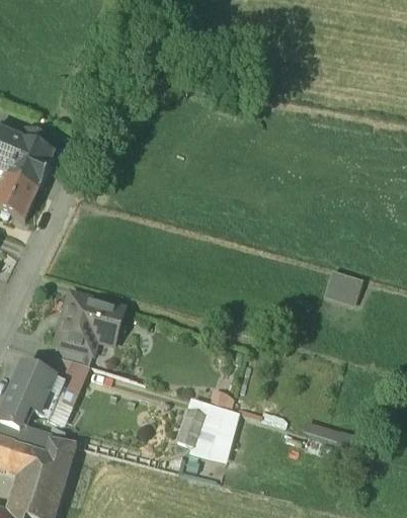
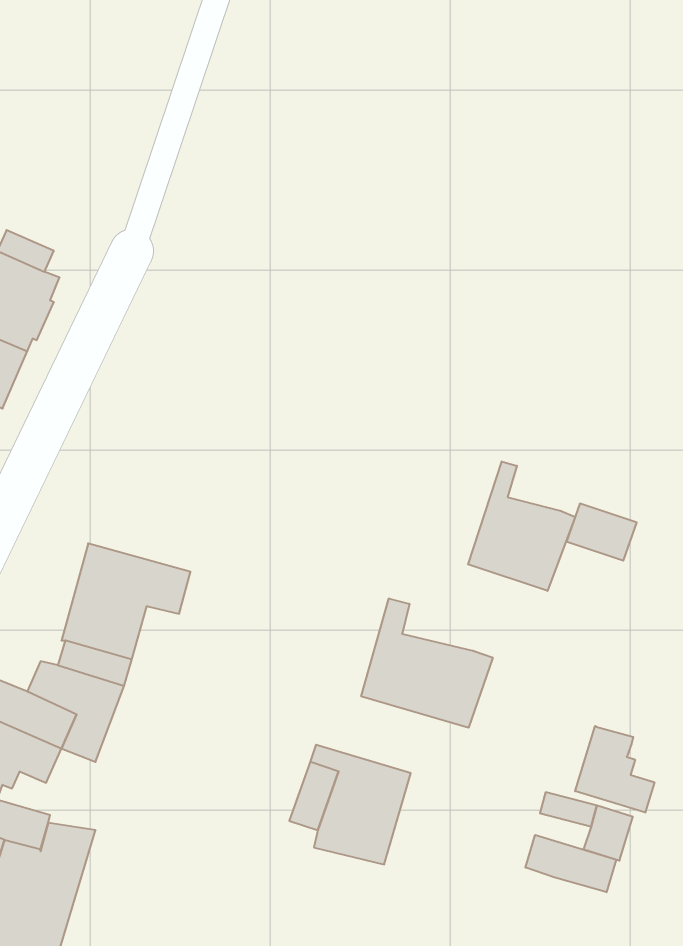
building: none -> [468,461,575,591]
building: none -> [361,598,493,728]
building: none -> [575,726,654,813]
building: none -> [525,835,616,892]

